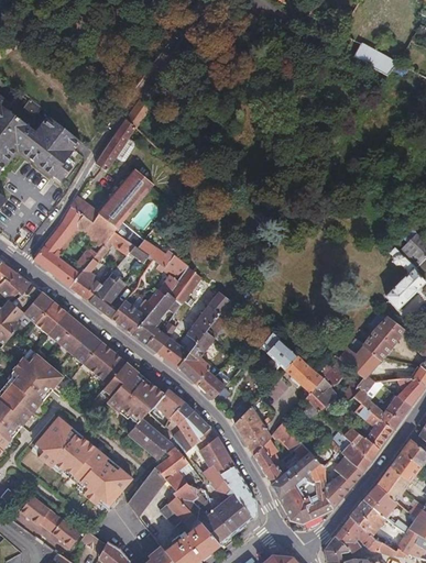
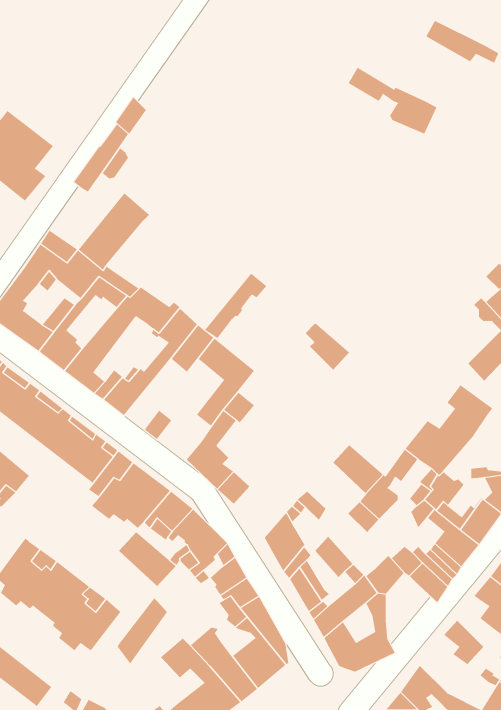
building: none -> [348,67,437,135]
building: [133,292,179,341] -> [204,273,267,339]
building: [265,333,298,368] -> [305,323,350,371]
building: [157,338,189,367] -> none
building: [155,448,197,503] -> none
building: [326,455,363,508] -> none
building: [378,466,404,501] -> none
building: [349,495,386,538] -> none

